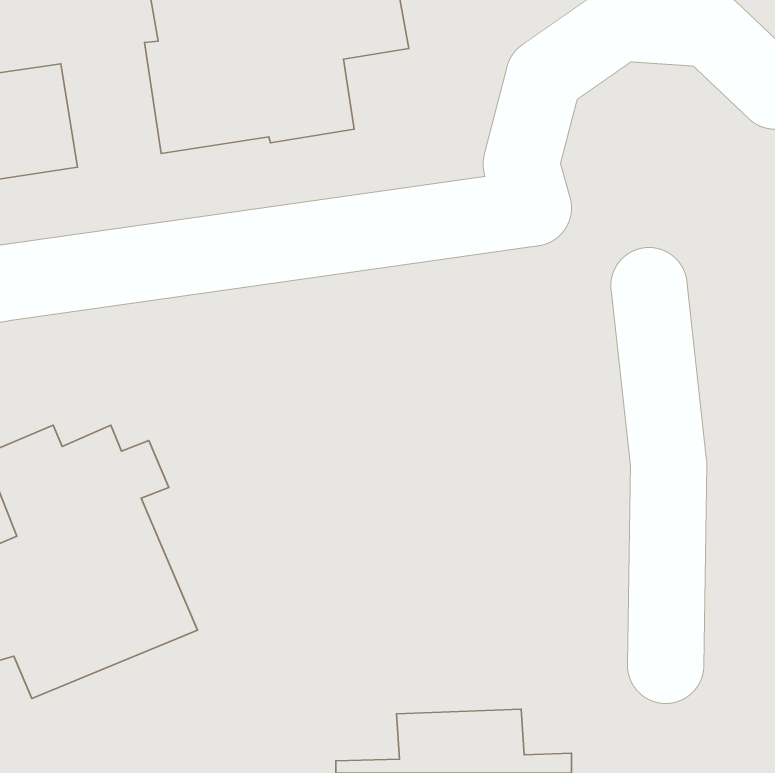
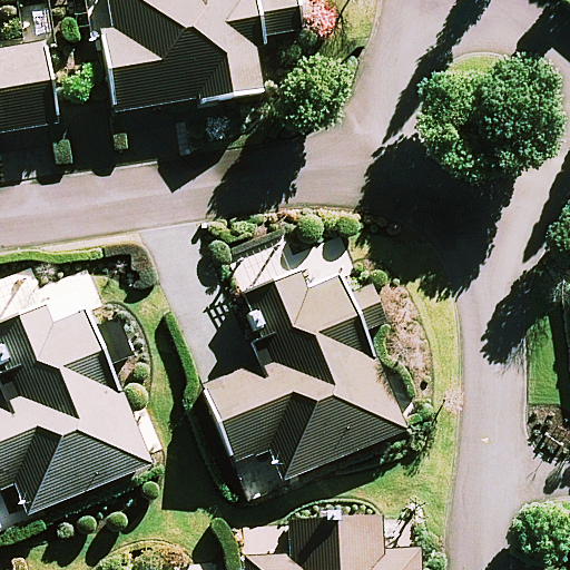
building: none -> [205,277,402,479]

